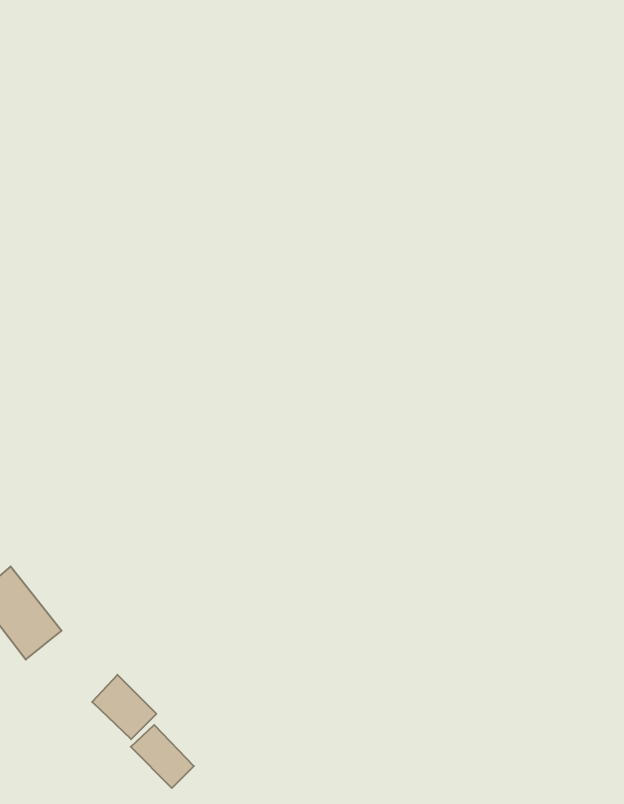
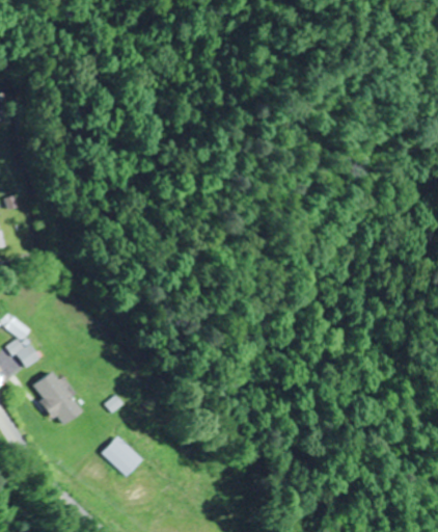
building: [131,725,194,788] -> none

